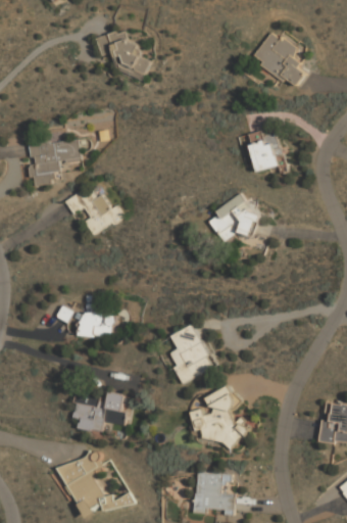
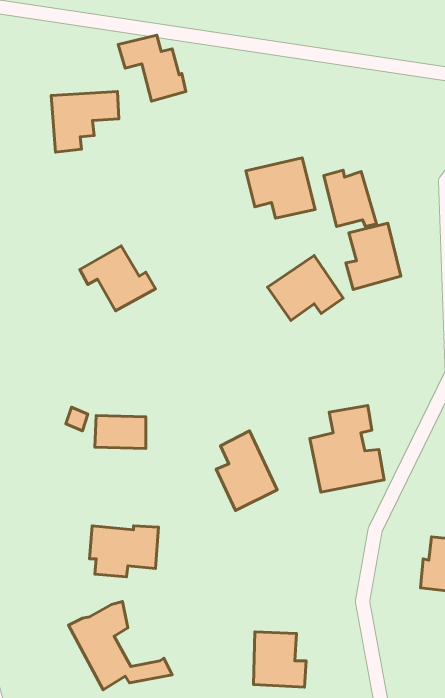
building: [251,30,306,87] -> none
building: none -> [246,158,315,218]
building: [29,140,79,185] -> [51,91,119,152]
building: none -> [346,223,401,289]
building: [191,387,246,451] -> [310,405,384,492]

